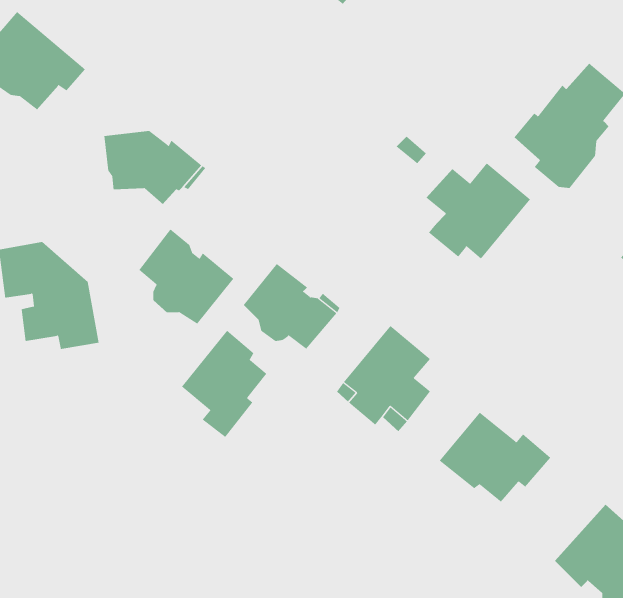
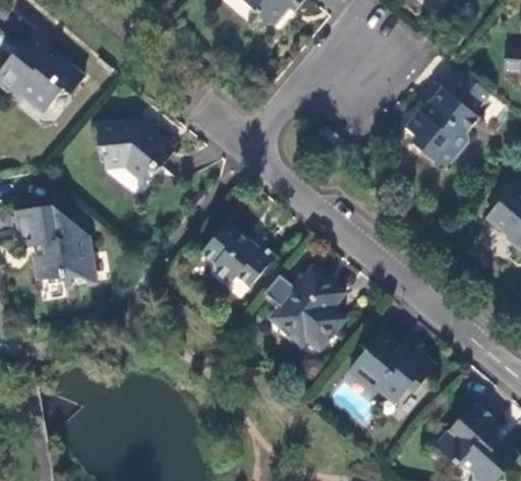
building: [426,162,531,260] -> none
building: [139,228,234,325] -> none
building: [181,330,267,438] -> none

